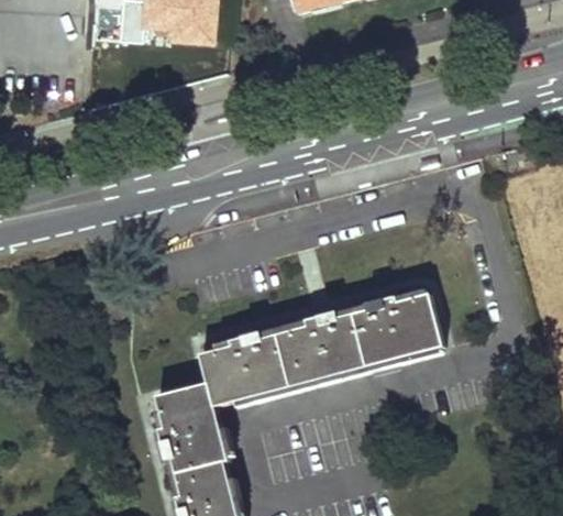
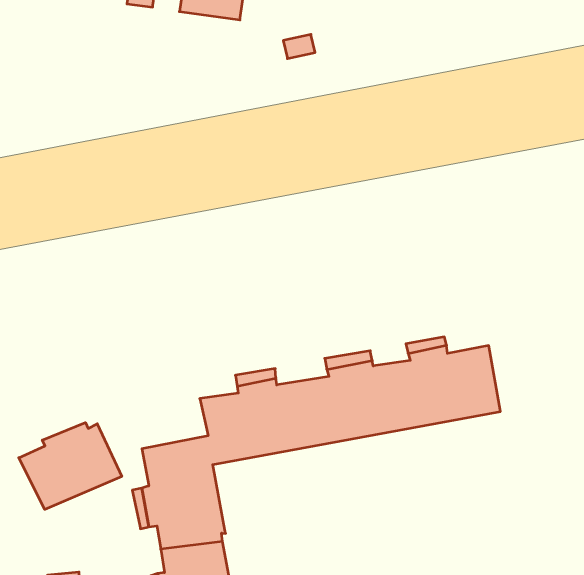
building: none -> [19,423,122,509]

